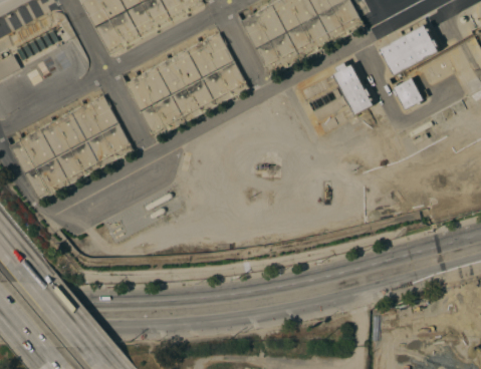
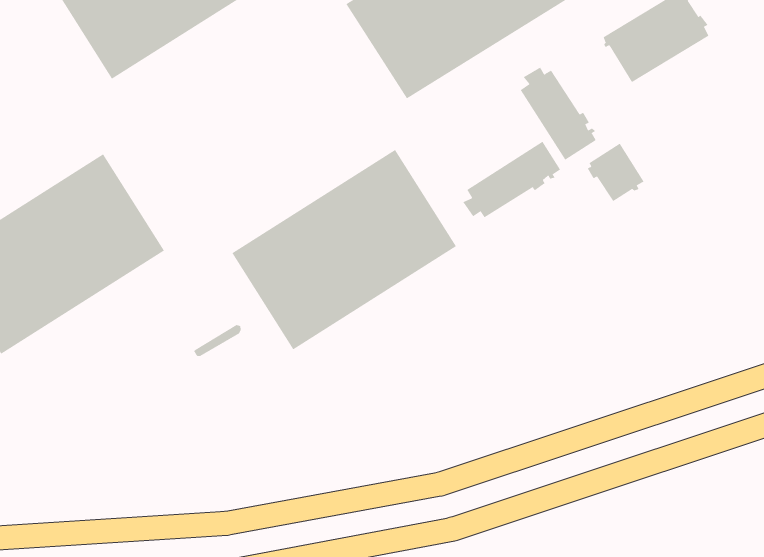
building: [125,31,248,137] -> [232,149,457,350]
building: [392,76,423,108] -> [587,143,645,202]
building: none -> [462,141,561,218]

